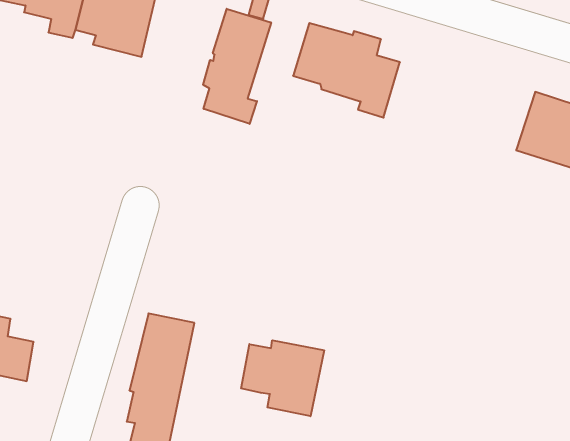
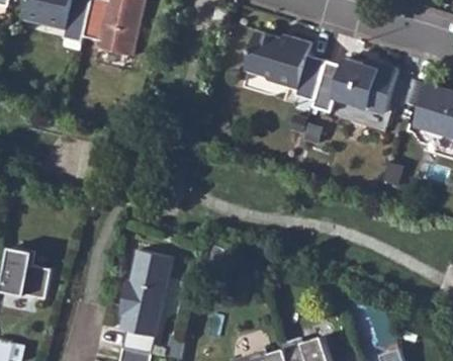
building: [203,9,271,124] -> none
building: none -> [310,58,397,112]
building: [241,340,324,416] -> none

